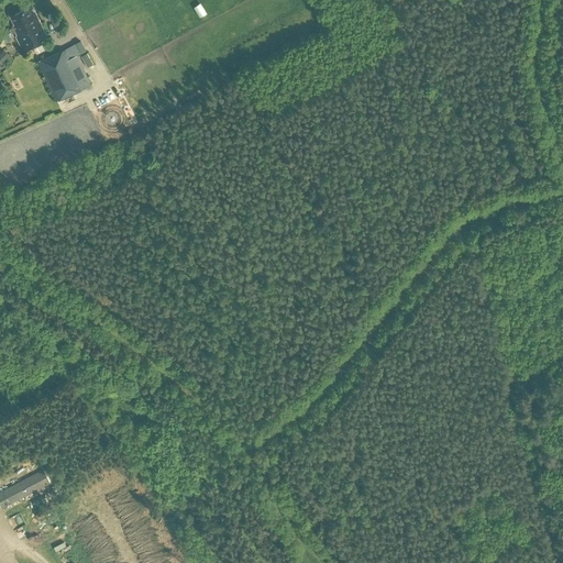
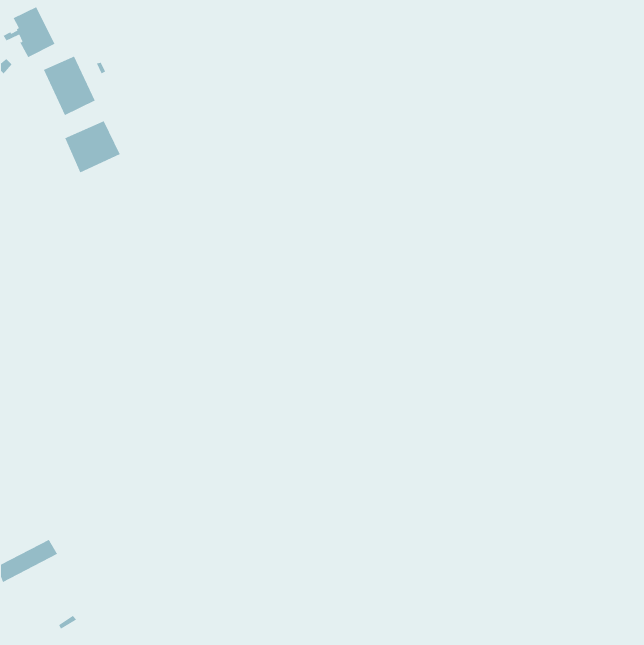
building: none -> [64,120,121,173]

